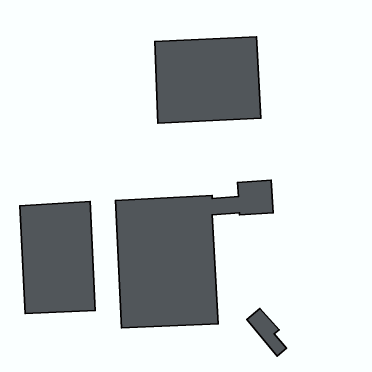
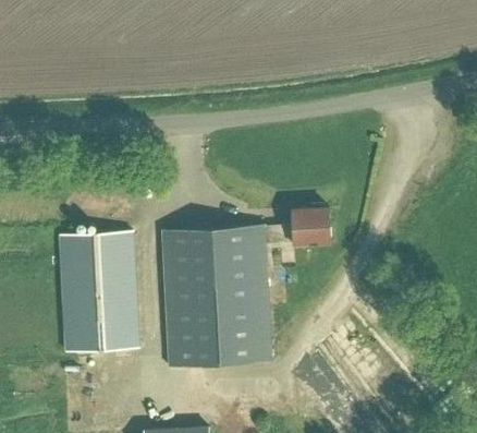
building: [155,37,261,123] -> none

